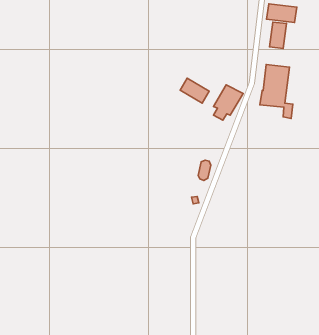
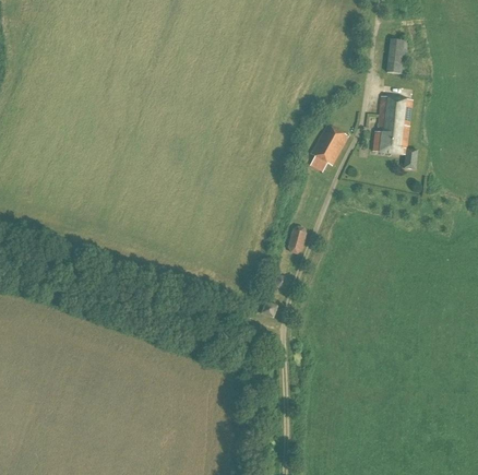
building: [267,4,297,23] -> none
building: [180,78,209,103] -> none

